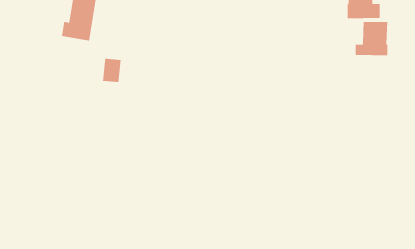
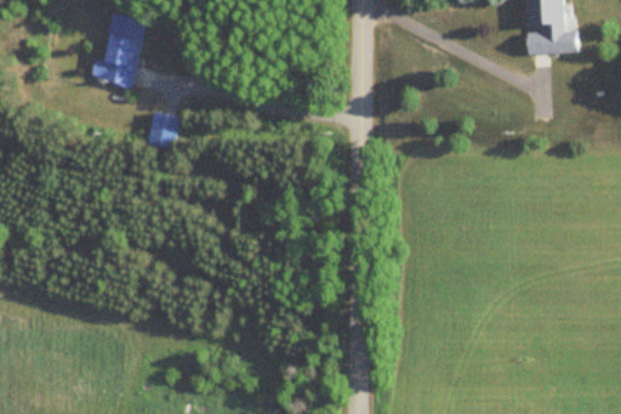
building: [355,21,388,56] -> none

